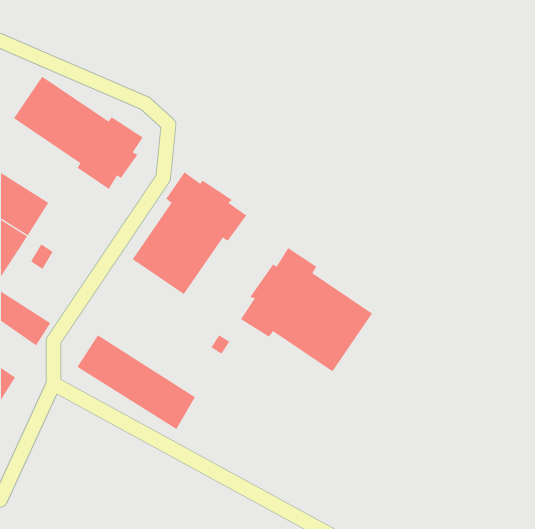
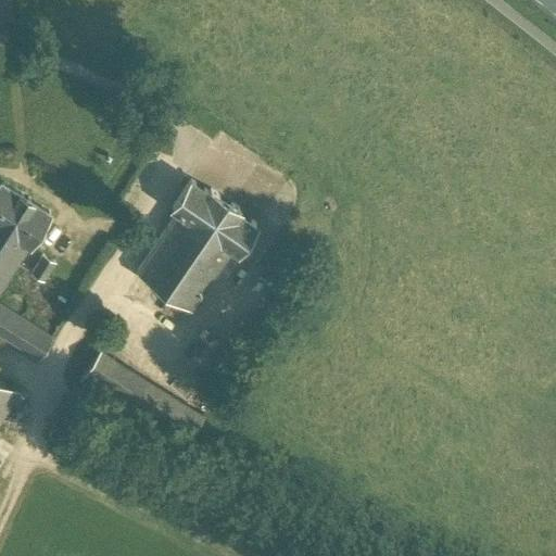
building: [13,76,143,190] -> none
building: [240,247,373,372] -> none

